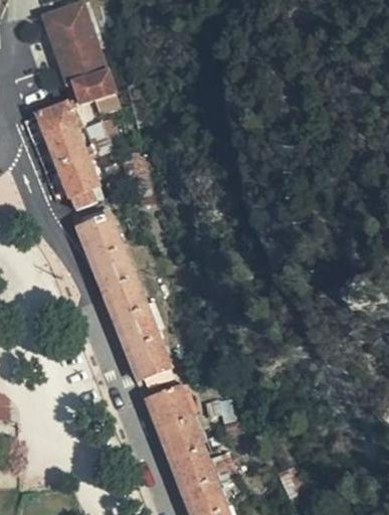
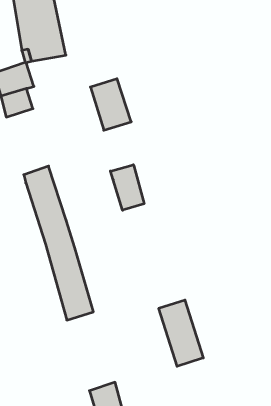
building: [53,151,103,210] -> [90,79,131,130]
building: none -> [110,165,144,210]
building: [147,388,202,464] -> [159,300,203,366]

